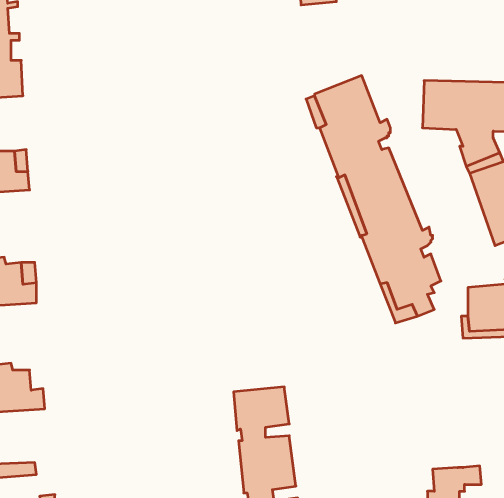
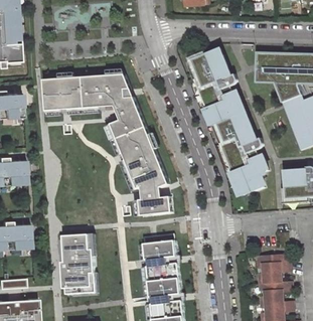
building: none -> [42,74,170,190]
building: none -> [141,197,173,216]
building: none -> [63,234,97,294]
building: none -> [258,255,291,284]

